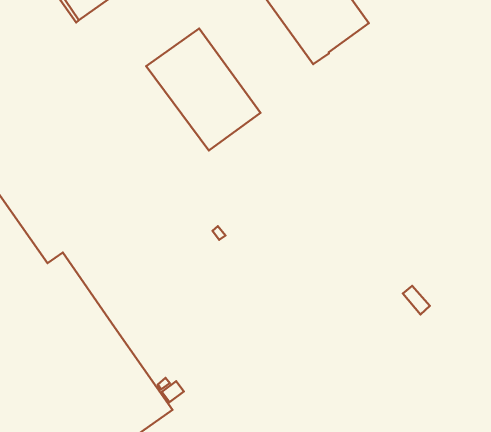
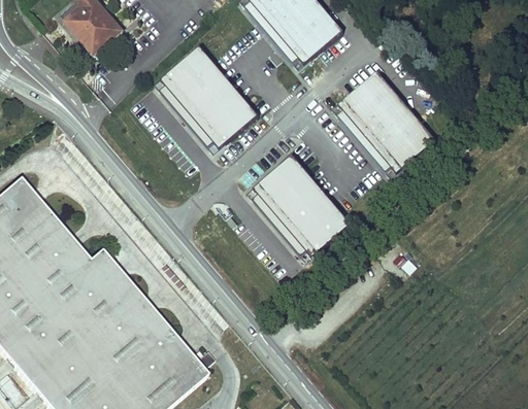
building: none -> [334,70,438,177]
building: none -> [250,154,353,259]

